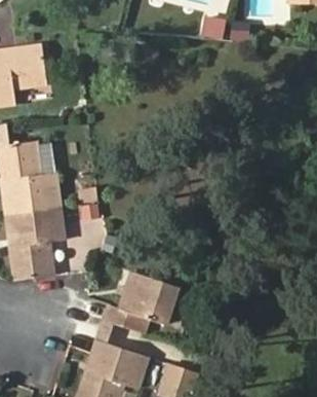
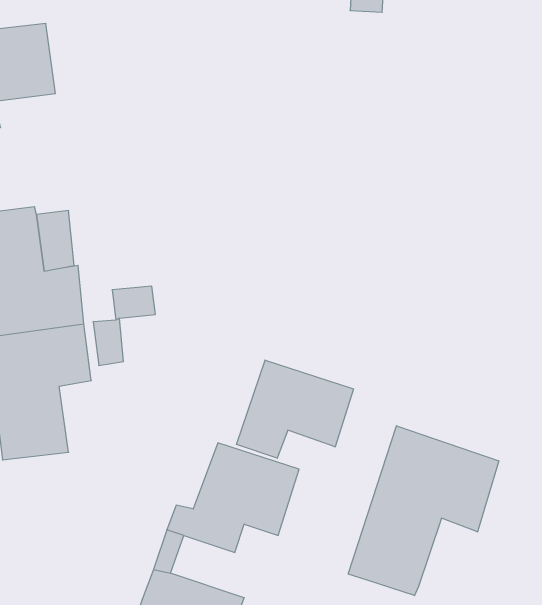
building: none -> [237,360,354,458]
building: none -> [348,426,499,596]

